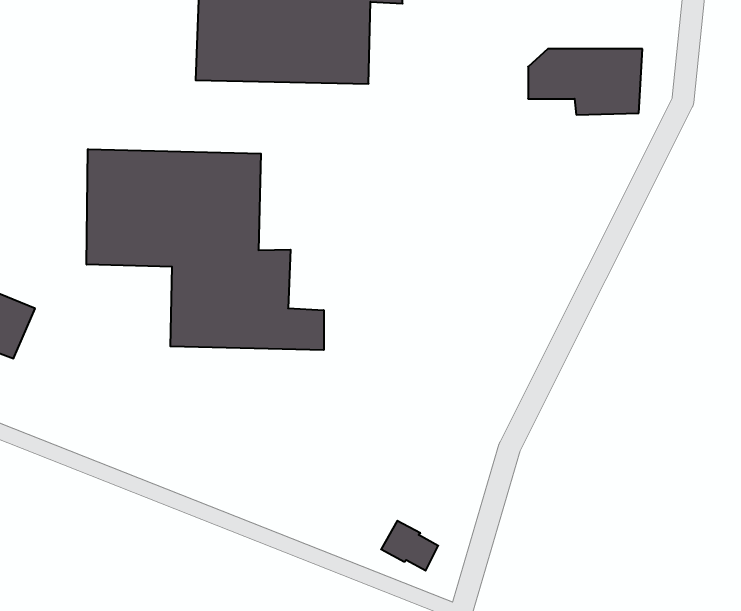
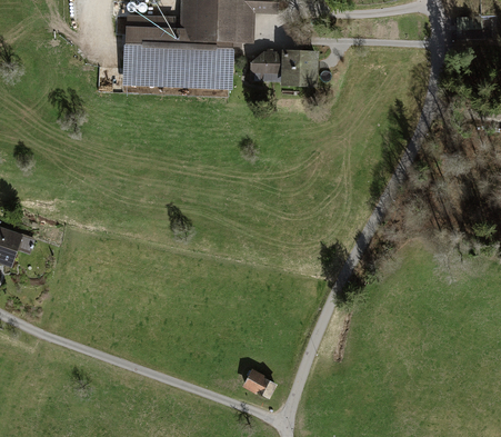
building: [528,49,642,115] -> [250,49,321,90]
building: [87,149,324,350] -> none

